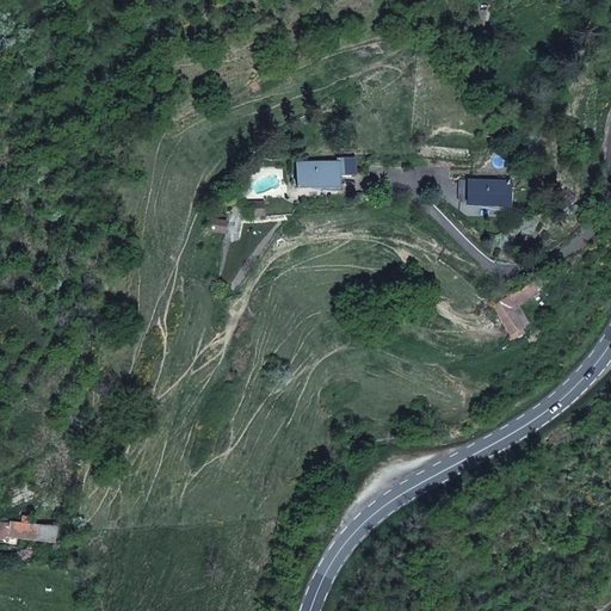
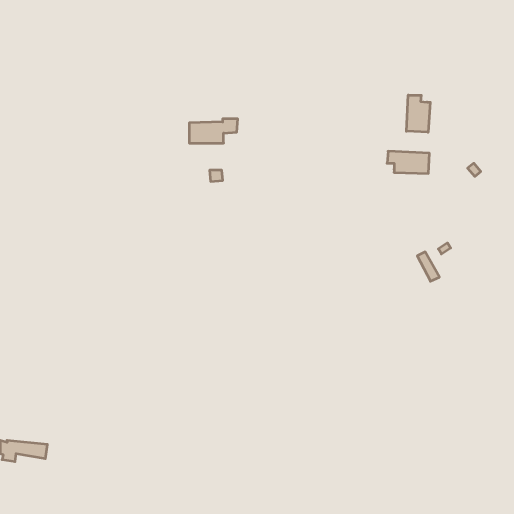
building: none -> [406,95,430,132]
building: [298,158,356,186] -> [189,119,238,143]

